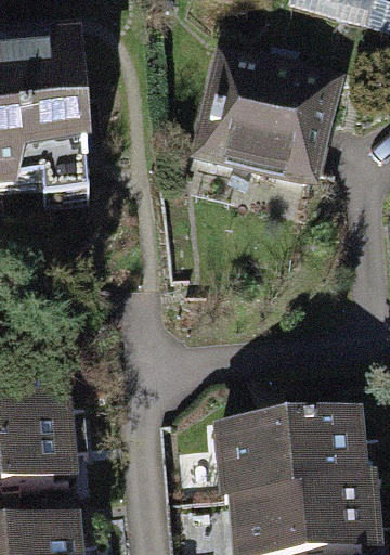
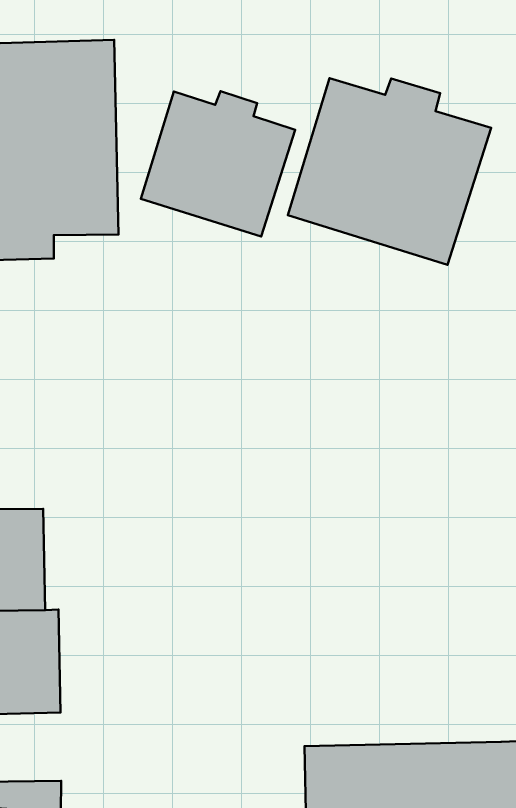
building: none -> [141,91,295,236]
building: [217,418,359,496] -> none

